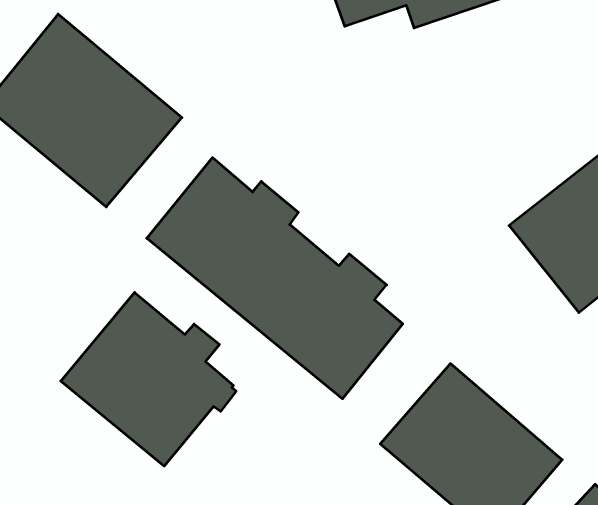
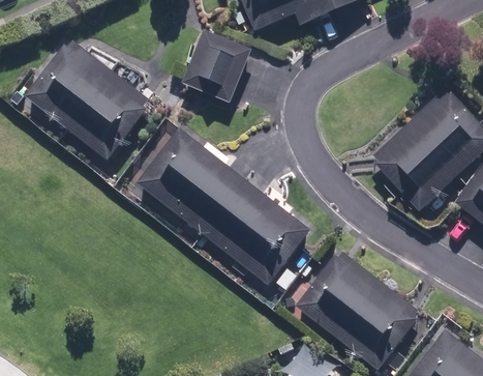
building: none -> [180,29,252,106]
building: [61,292,236,466] -> none

